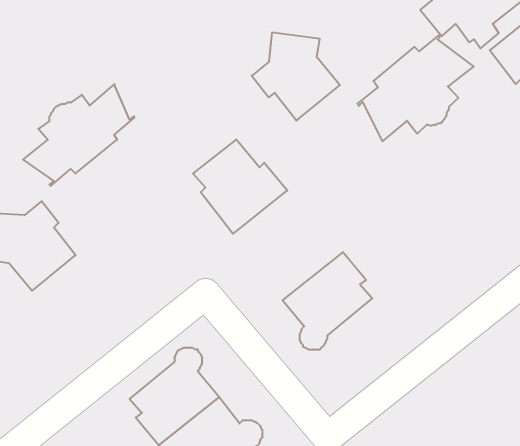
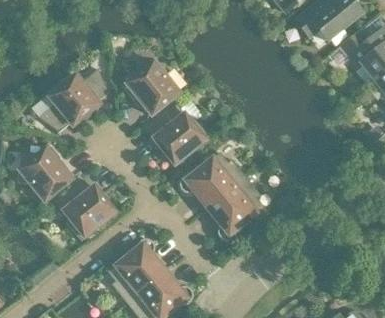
building: [252,33,340,121] -> [122,58,179,115]
building: [357,35,474,141] -> none
building: none -> [179,151,245,207]
building: none -> [55,178,115,240]

